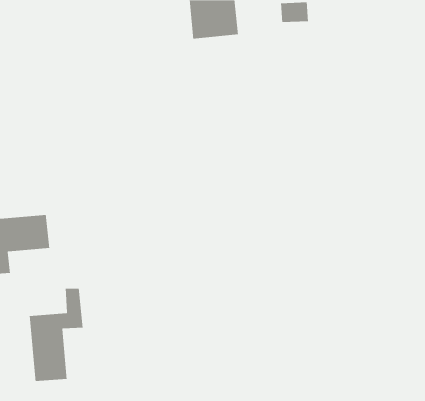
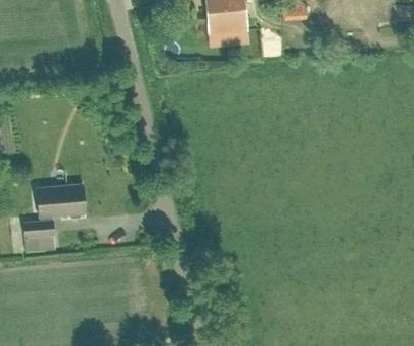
building: [29,288,84,382] -> none

